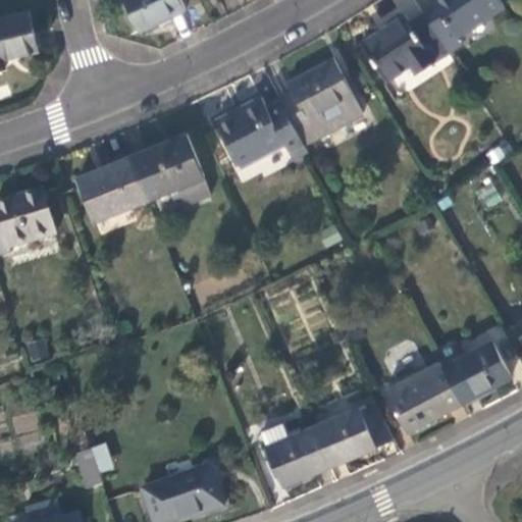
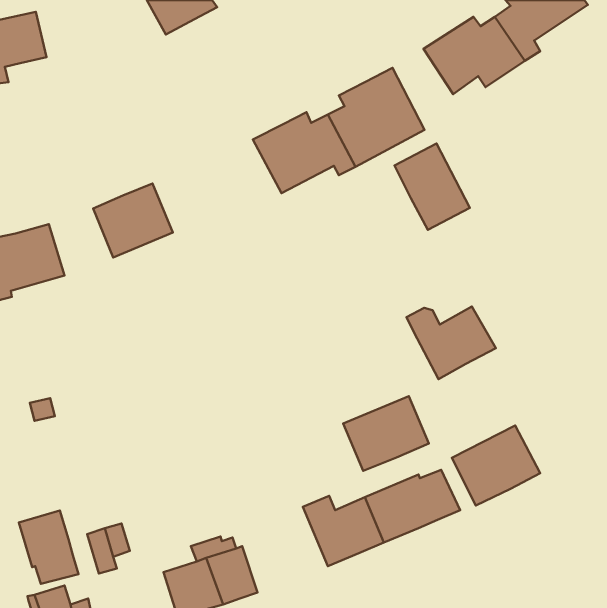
building: none -> [395,144,470,230]
building: [130,134,208,207] -> none
building: none -> [343,396,429,471]
building: [434,344,511,406] -> [406,307,496,379]
building: none -> [19,510,79,584]

